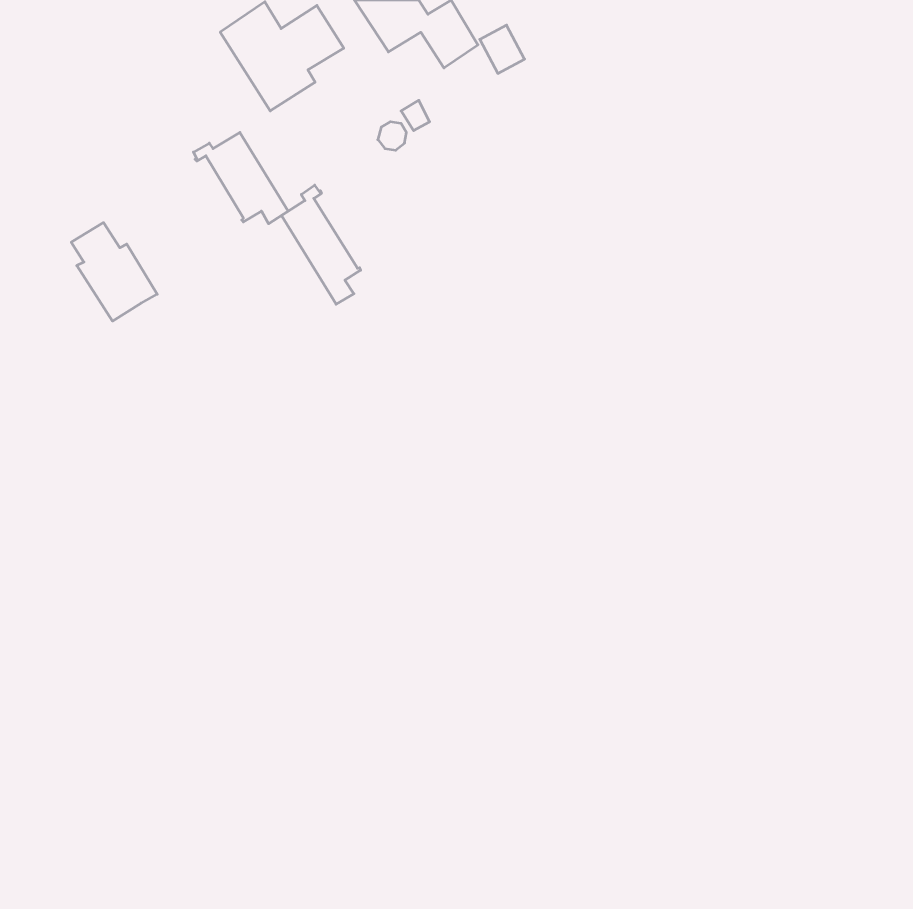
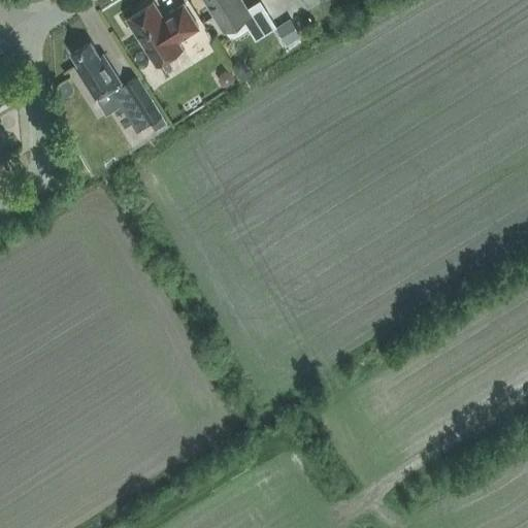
building: [282,185,361,304] -> none
building: [71,223,157,321] -> [71,44,121,101]

